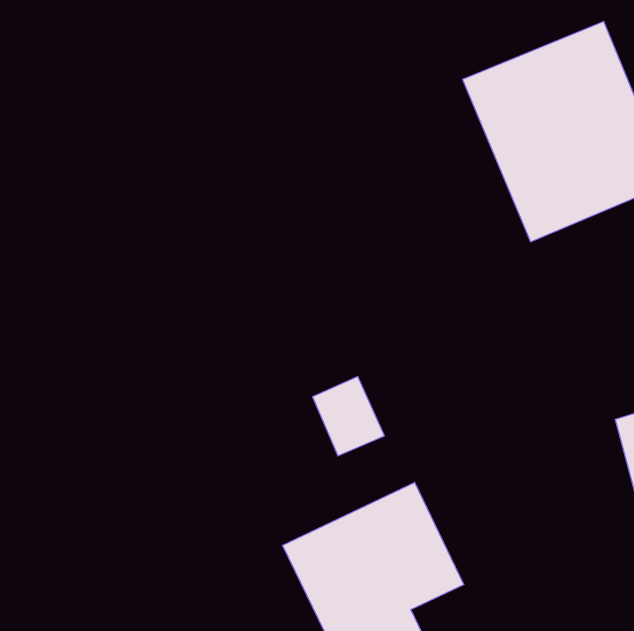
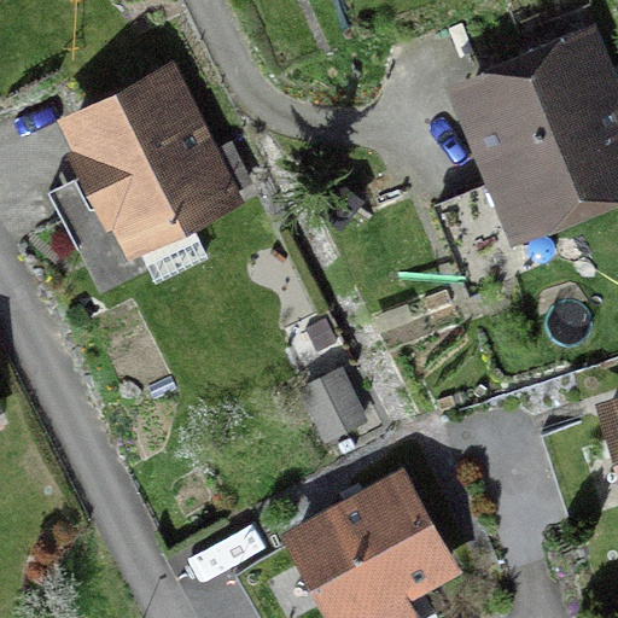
building: none -> [60,69,233,256]

